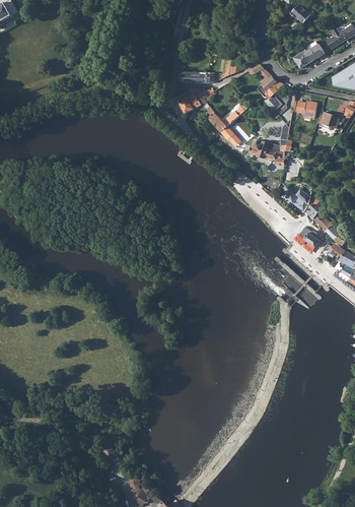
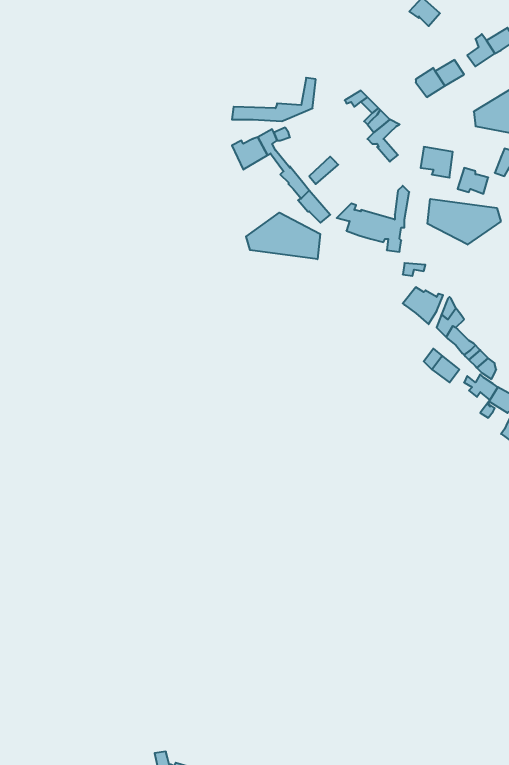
building: none -> [427,199,501,245]
building: none -> [246,213,320,259]

